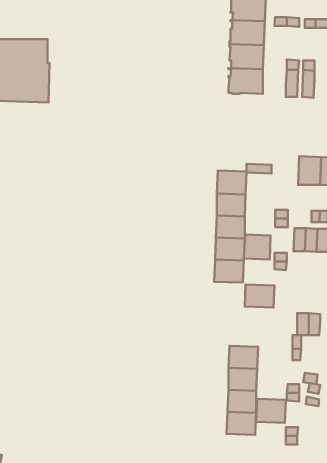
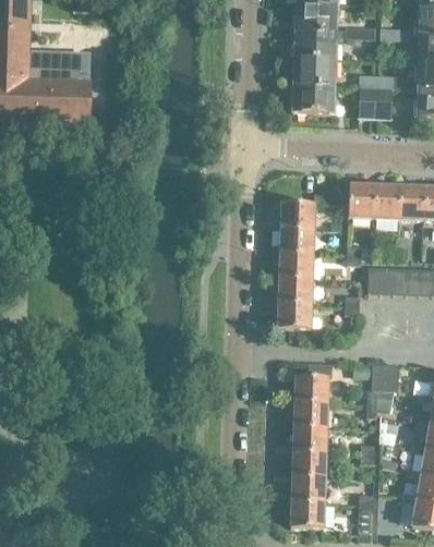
building: none -> [348,183,374,217]
building: [244,235,271,259] -> none
building: [245,285,274,307] -> [294,375,328,401]
building: [256,399,286,423] -> [290,500,324,527]

